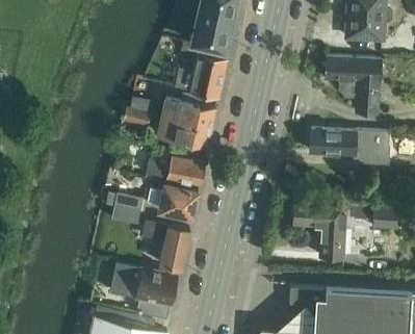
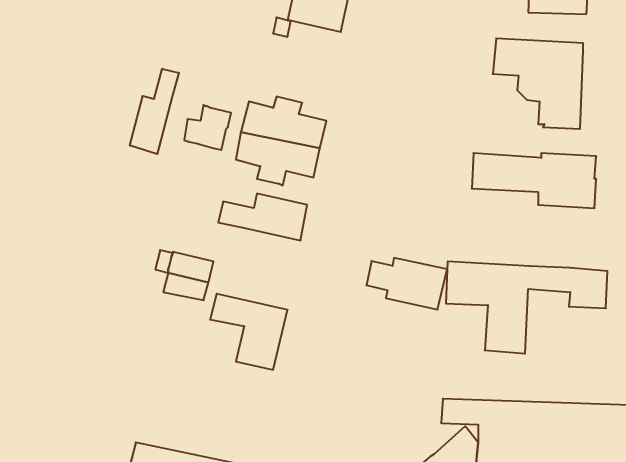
building: [174,54,226,97] -> none
building: none -> [130,69,179,154]
building: [146,185,198,219] -> [366,258,447,310]
building: [109,263,175,319] -> none

